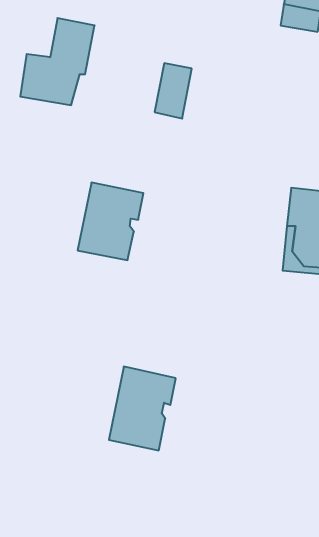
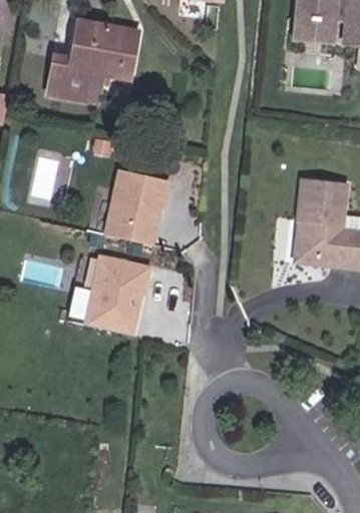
building: [155,63,192,119] -> [107,25,142,77]
building: [109,367,176,450] -> [79,252,142,332]

